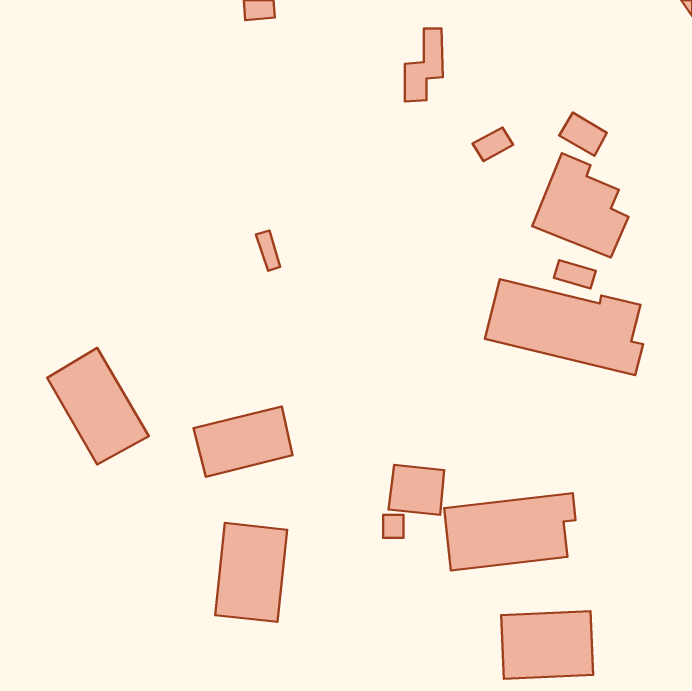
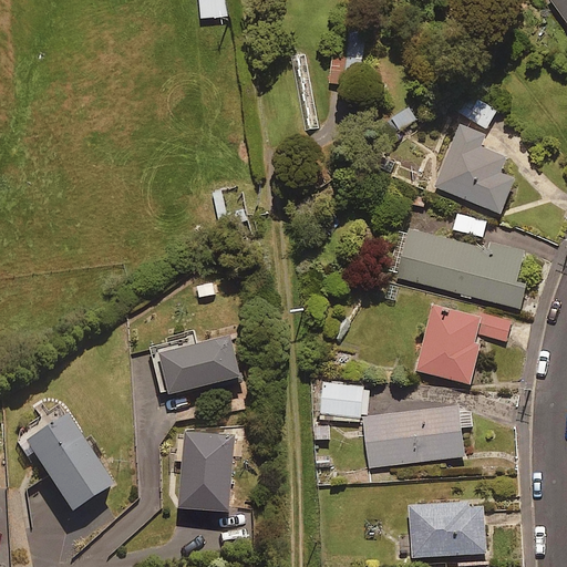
building: [47,348,149,465] -> [24,414,107,509]
building: none -> [417,303,512,381]

